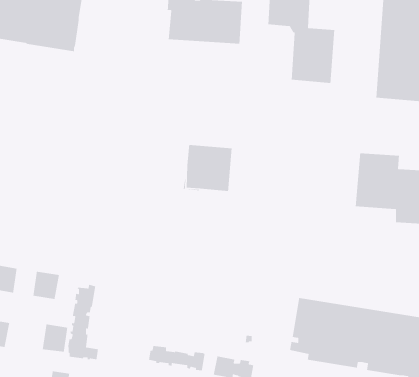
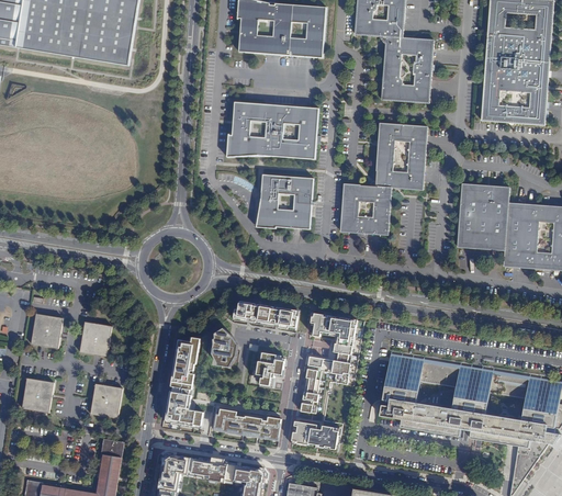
building: none -> [225,101,317,159]
building: none -> [339,123,427,235]
building: none -> [232,301,297,330]
building: none -> [300,312,356,413]
building: none -> [211,327,237,367]
building: [67,284,99,360] -> [166,336,203,425]
building: none -> [256,352,283,385]

